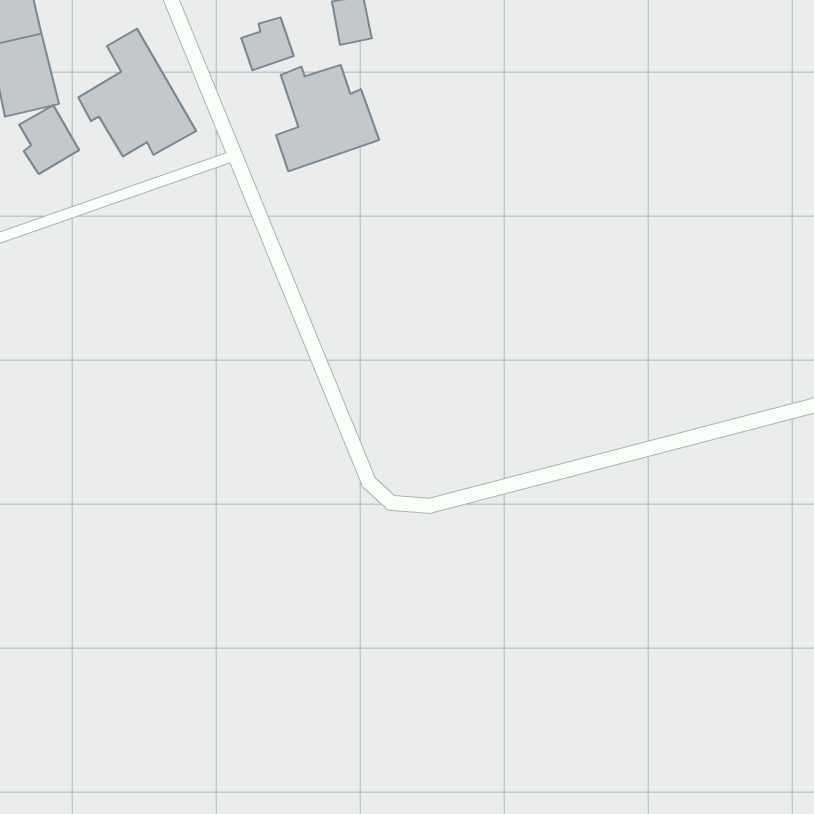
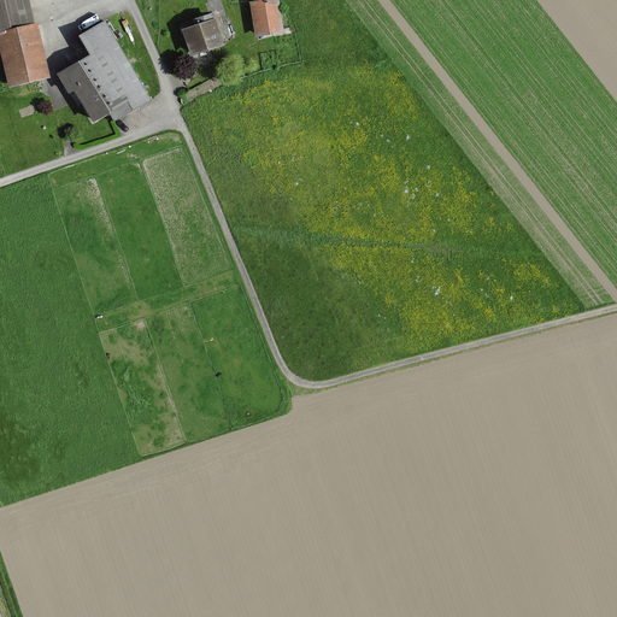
building: [276,65,379,171] -> none
building: [19,105,79,174] -> none

